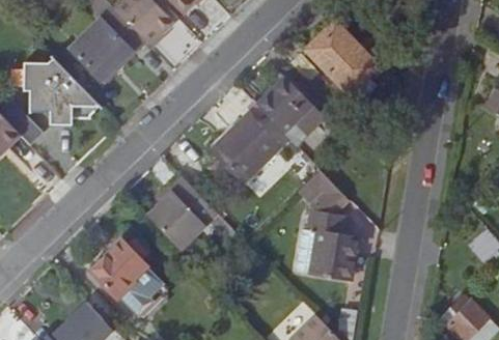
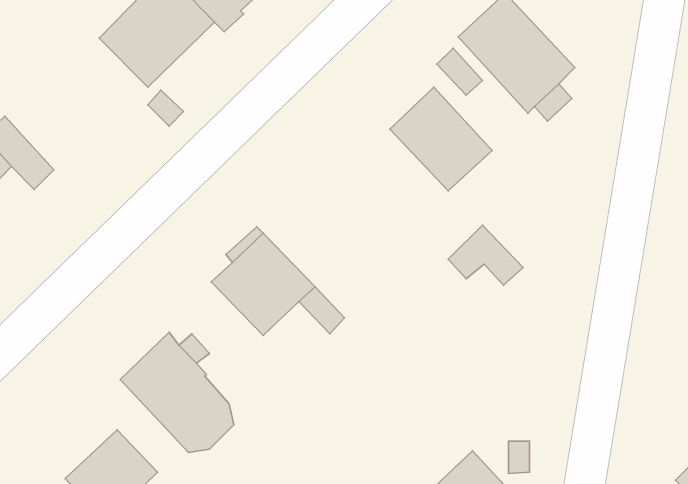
building: [26,60,100,125] -> none
building: [212,114,281,183] -> none
building: [307,206,356,281] -> none

